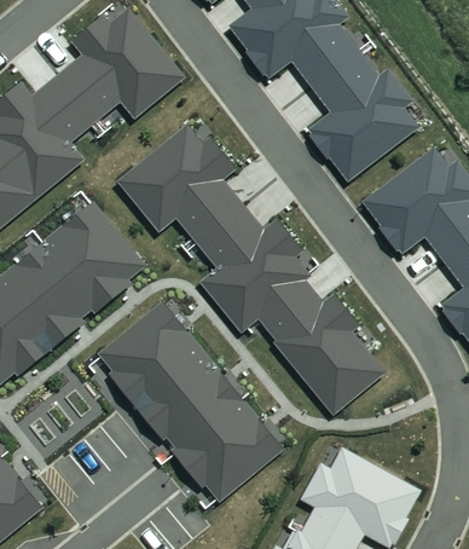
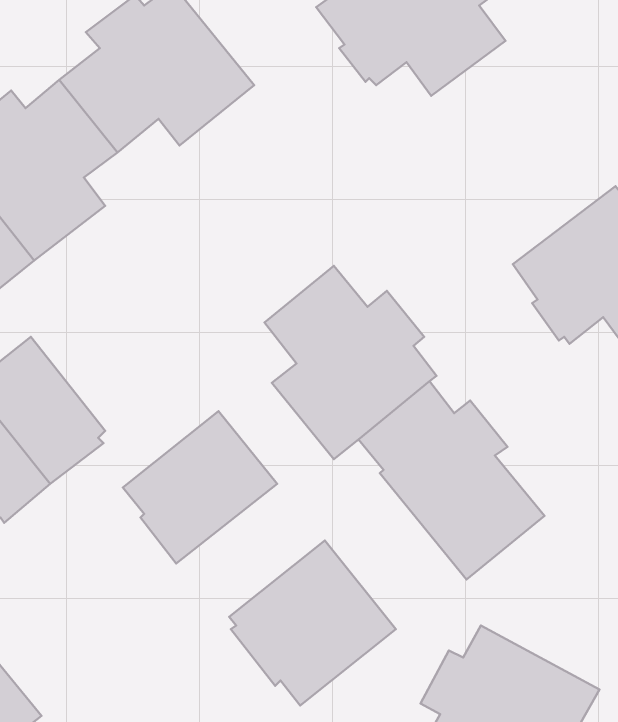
building: [307,47,418,181] -> none
building: [117,123,241,239] -> none
building: [34,202,145,313] -> none
building: [133,349,234,440] -> none

